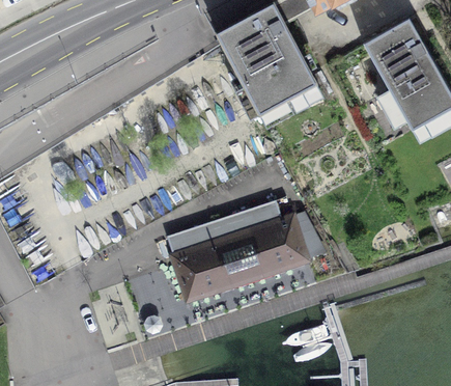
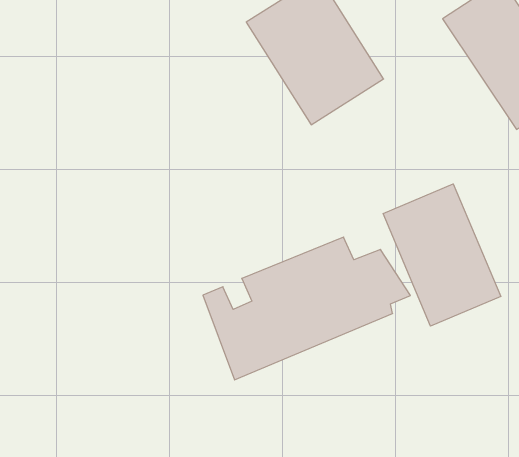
building: none -> [383,184,501,326]

